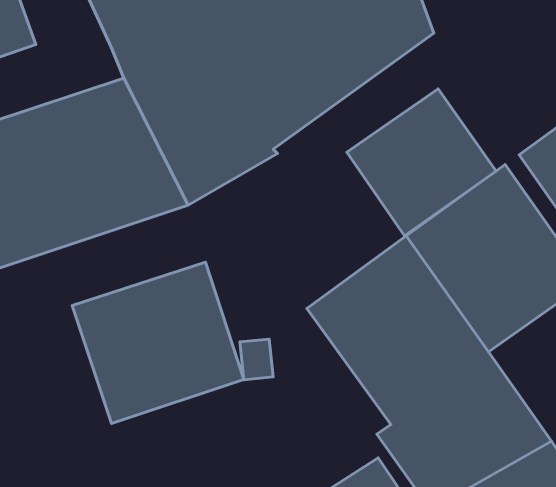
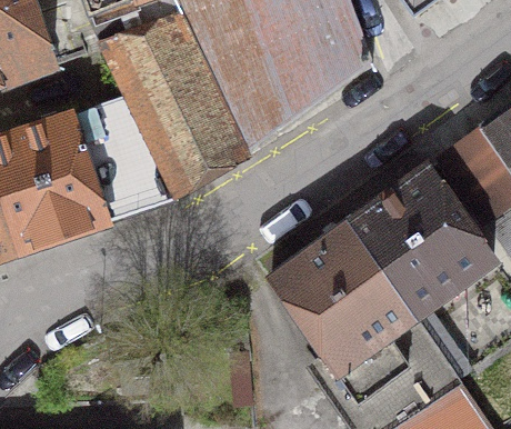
building: [347,89,496,236] -> none
building: [72,262,244,424] -> none

